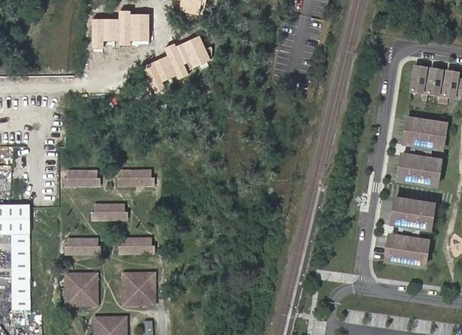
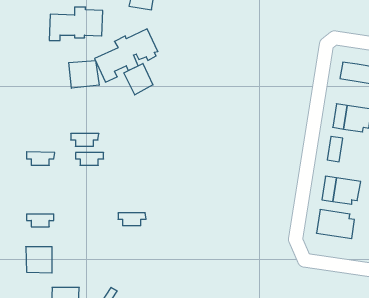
building: none -> [69,61,99,88]
building: none -> [124,63,153,95]
building: [411,154,440,184] -> none
building: [95,204,126,218] -> [71,134,99,146]
building: [120,238,151,252] -> [118,213,146,226]
building: [123,274,151,301] -> none

